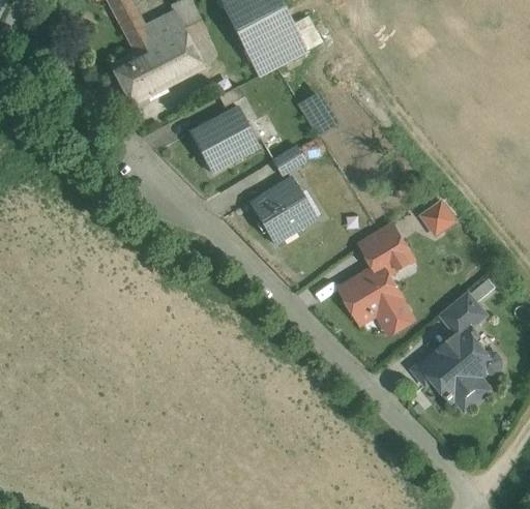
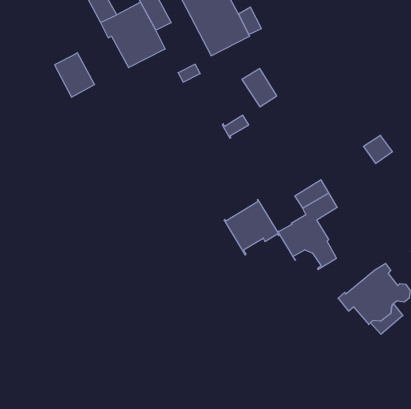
building: [110,50,158,103] -> [55,53,95,97]
building: [189,106,258,170] -> none
building: [249,176,317,243] -> [224,200,279,255]
building: [420,201,455,235] -> [363,135,392,163]
building: [441,293,485,334] -> none

